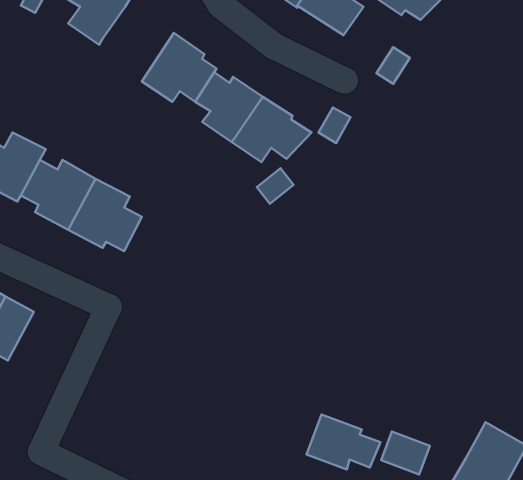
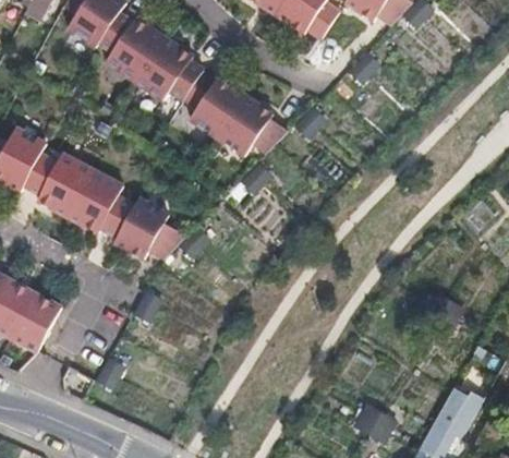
building: none -> [98,12,163,81]
building: none -> [113,198,184,260]
building: none -> [11,292,61,351]
building: [307,414,381,470] -> none

